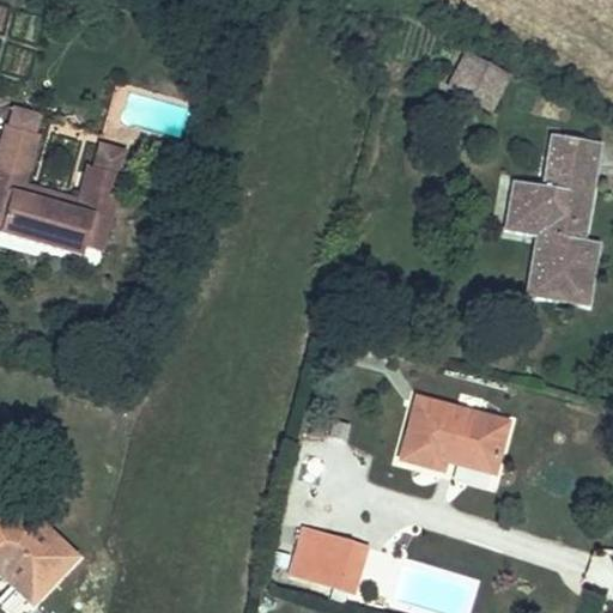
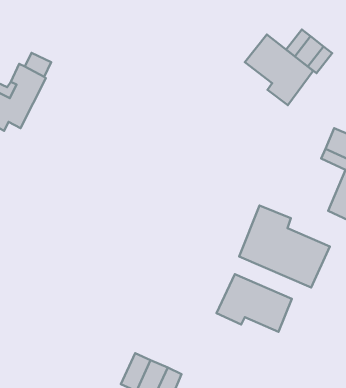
building: none -> [245,35,313,105]
building: none -> [239,206,330,288]

